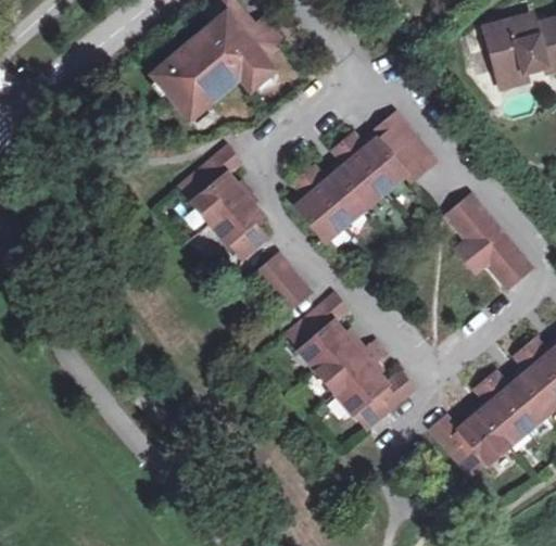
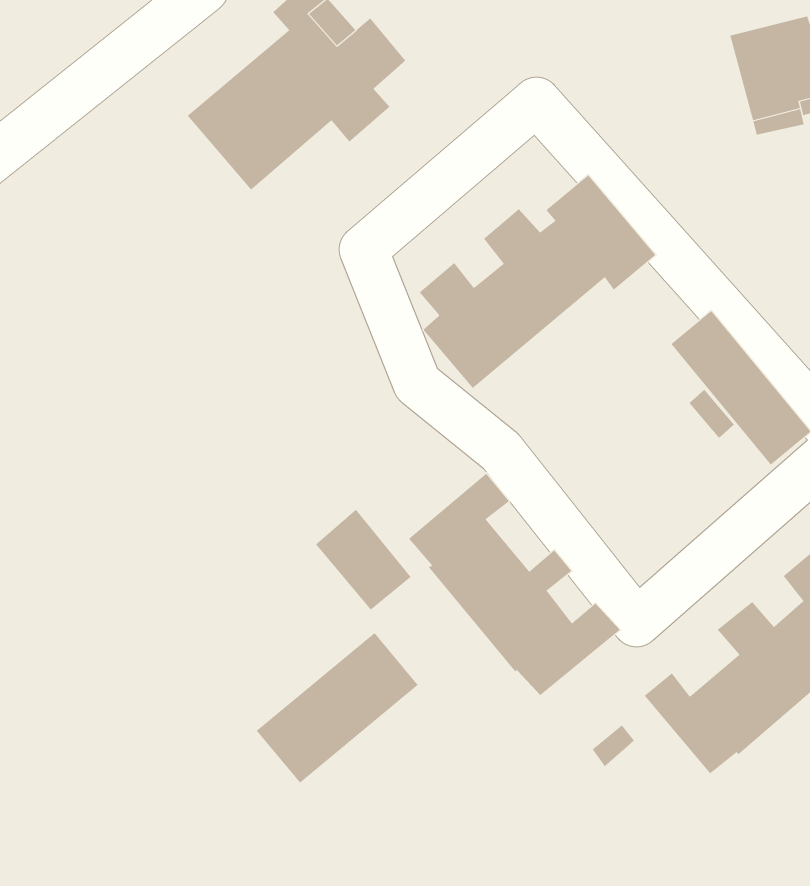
building: [180,145,267,259] -> none
building: [253,250,312,312] -> [315,509,412,611]
building: none -> [256,632,419,784]

